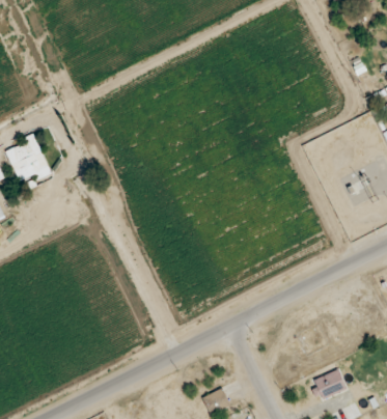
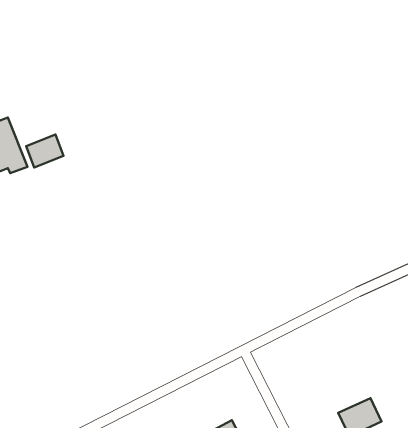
building: none -> [26,134,64,167]

